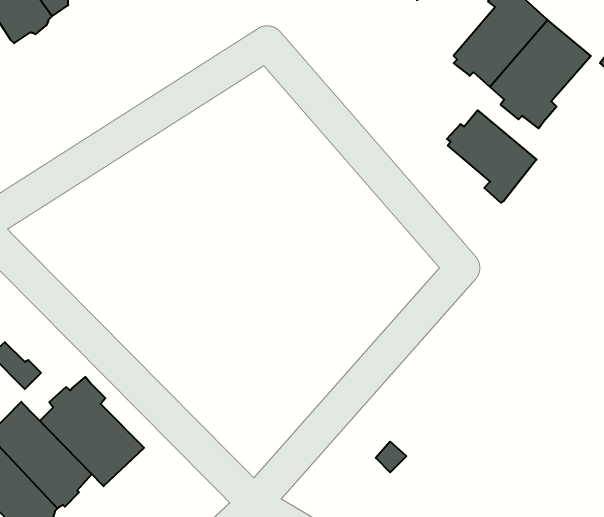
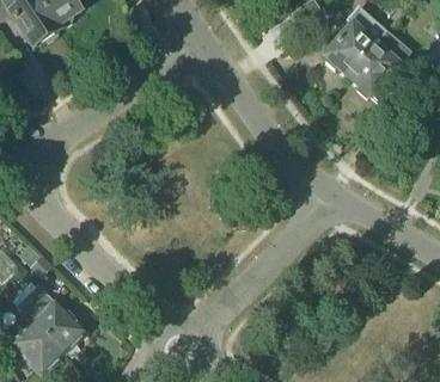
building: [447,110,537,203] -> none
building: [40,377,144,486] -> none

